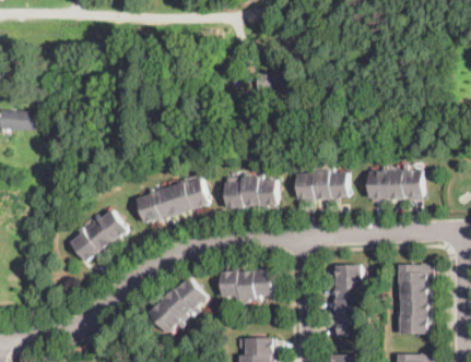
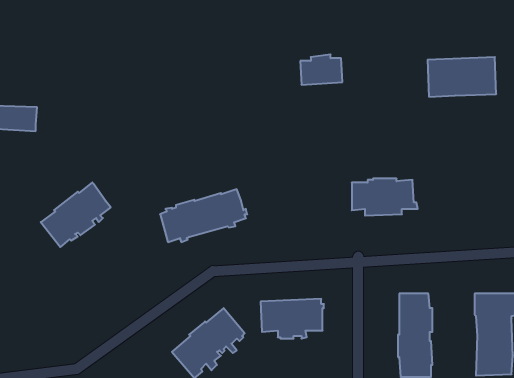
building: [365,169,422,202] -> [428,57,496,97]
building: [223,177,275,210] -> none
building: [69,209,127,263] -> [41,182,111,247]

